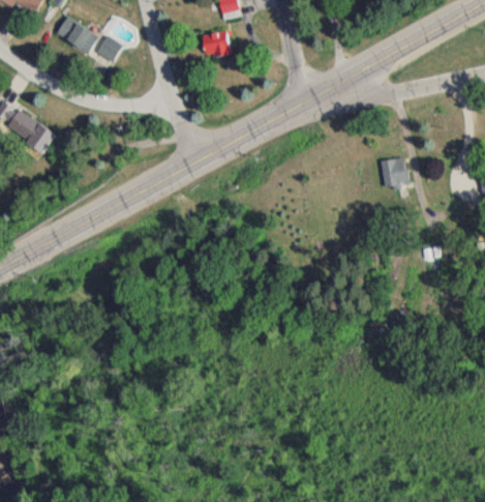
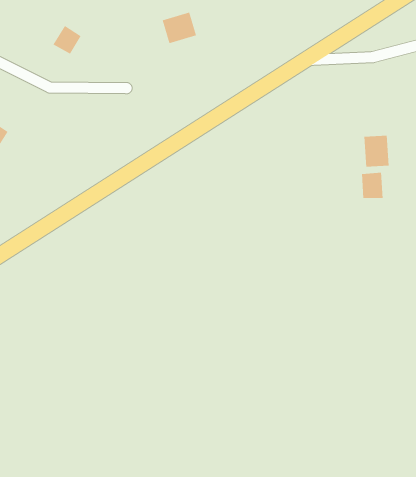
building: [57,17,100,53] -> none
building: none -> [362,172,383,199]

